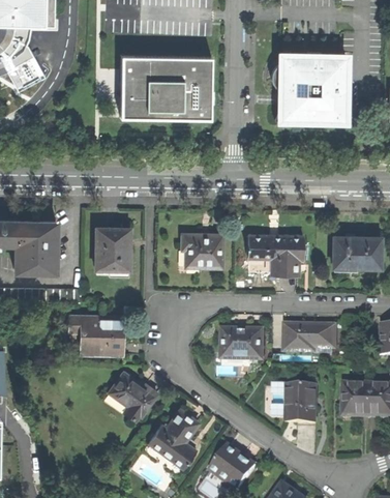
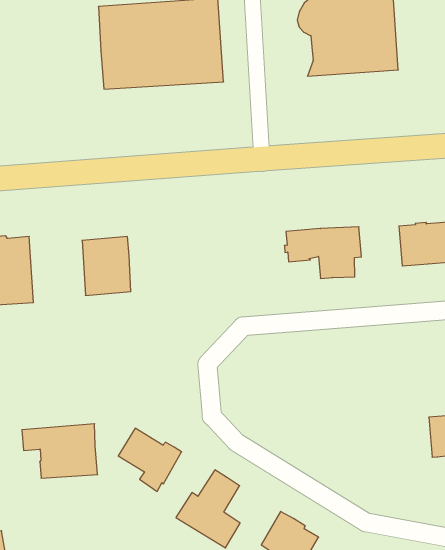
building: [182,235,223,268] -> none
building: [69,316,124,354] -> [22,424,98,478]
building: [286,324,336,351] -> none
building: [222,328,264,359] -> none
building: [276,384,326,423] -> none

